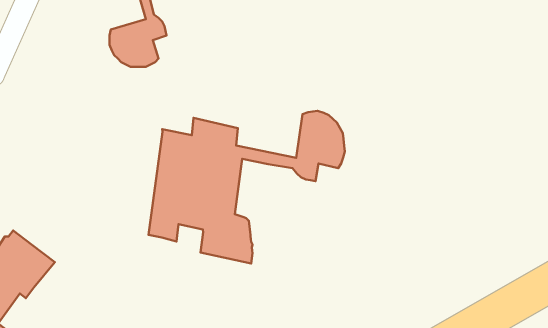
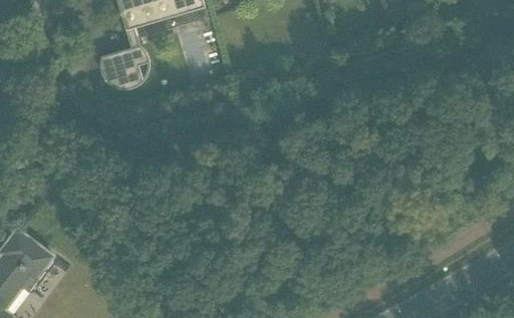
building: [148,111,345,263] -> none

